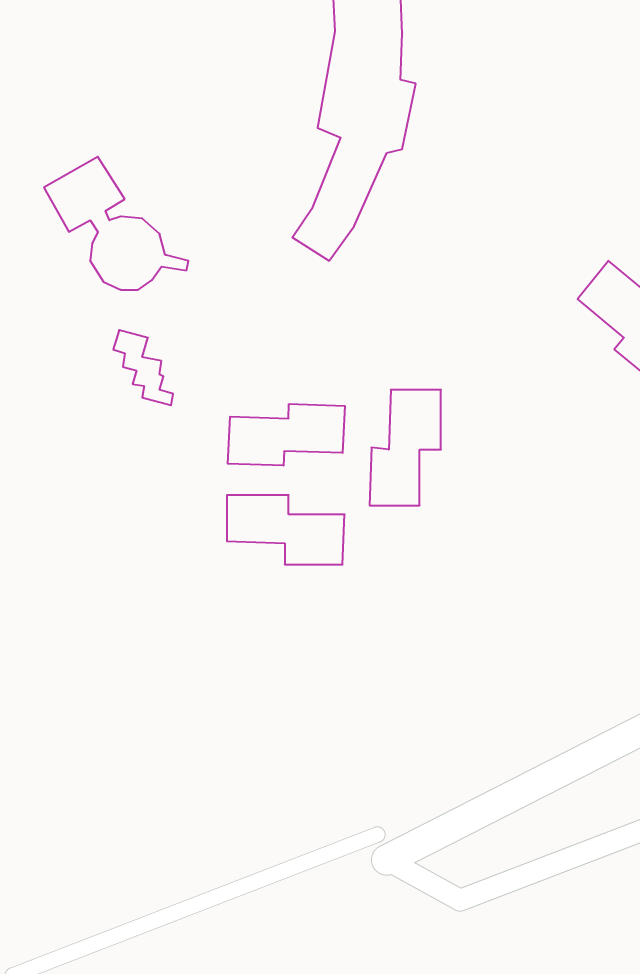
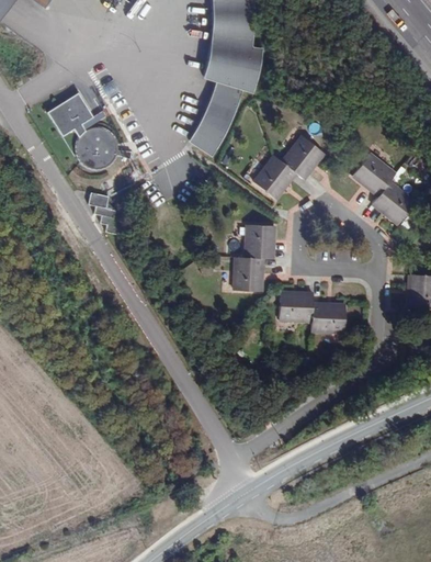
building: none -> [252,135,325,200]
building: [228,404,345,466] -> none
building: [227,495,345,564] -> [280,293,347,333]

